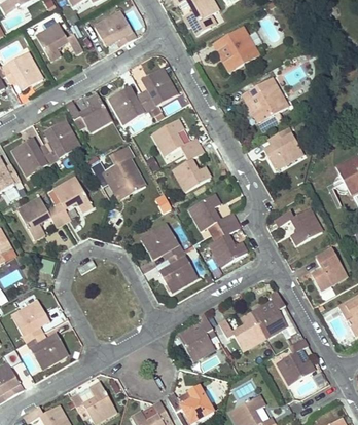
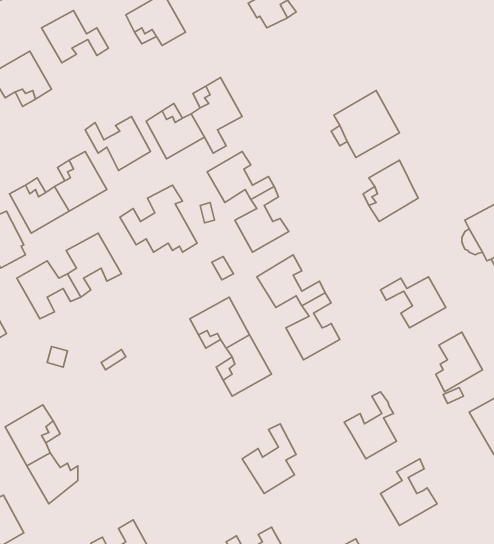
building: [213,27,259,74] -> none
building: [217,311,264,350] -> none

